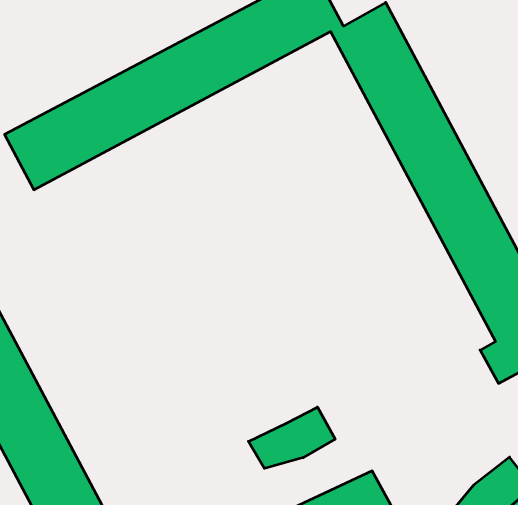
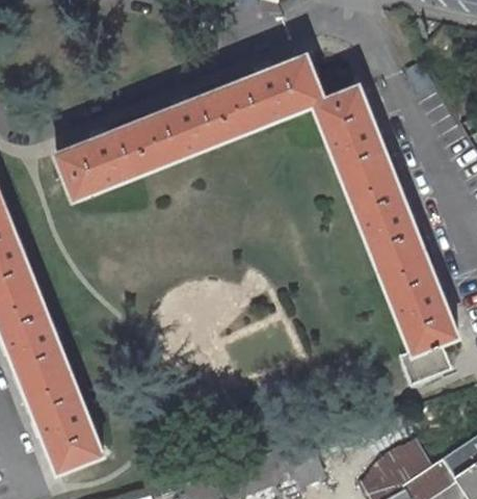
building: [248,407,335,468] -> none

